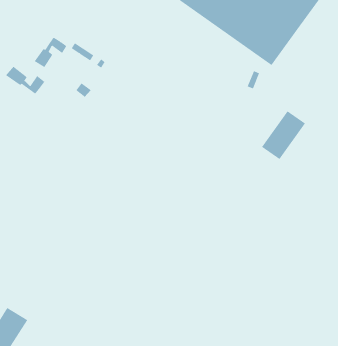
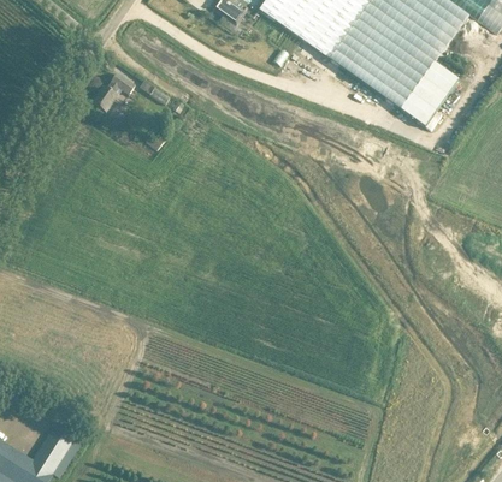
building: [5,66,45,94] -> none
building: [261,111,306,160] -> [401,63,459,126]

